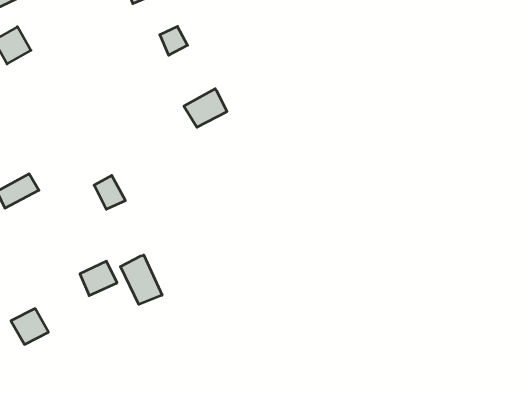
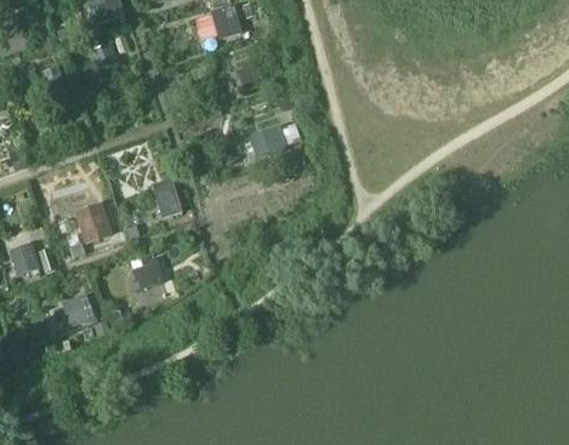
building: none -> [73,201,109,243]
building: [120,255,162,304] -> none

